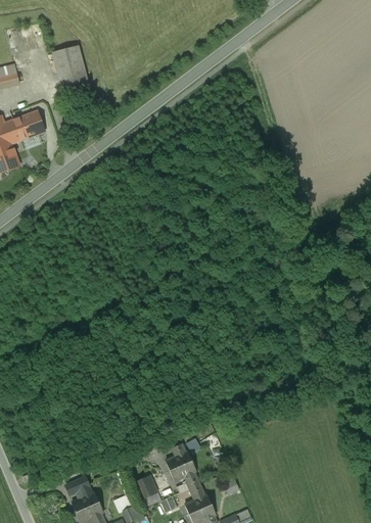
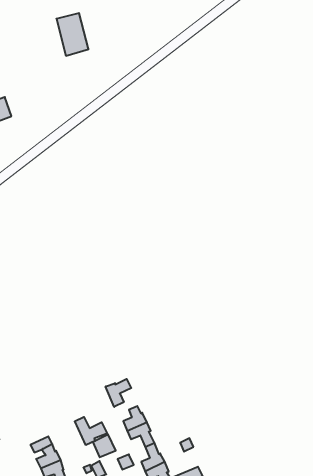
building: [53,46,88,92] -> [56,13,89,56]
building: none -> [106,379,131,407]
building: none -> [75,417,107,445]

